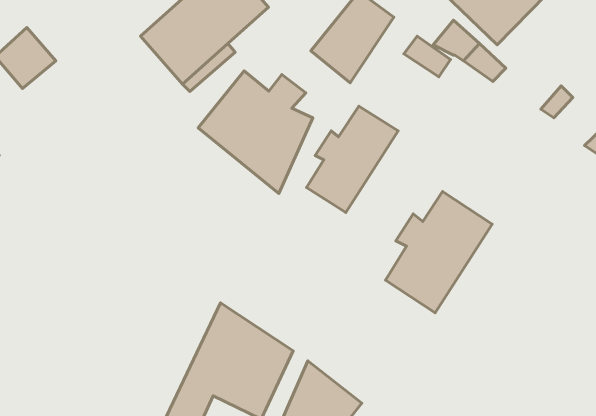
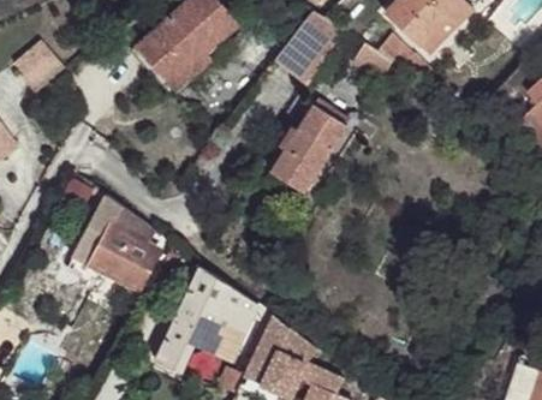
building: [198,71,313,193] -> none
building: [385,192,492,313] -> none
building: none -> [67,195,159,293]

